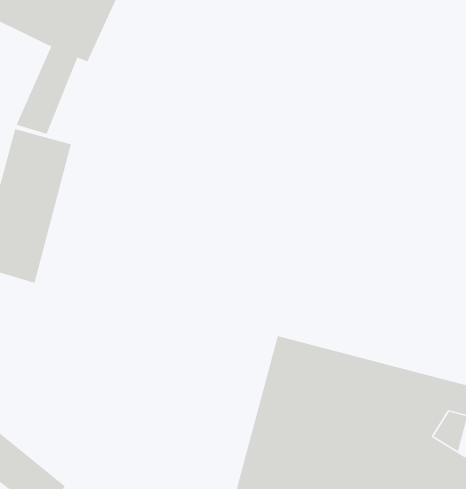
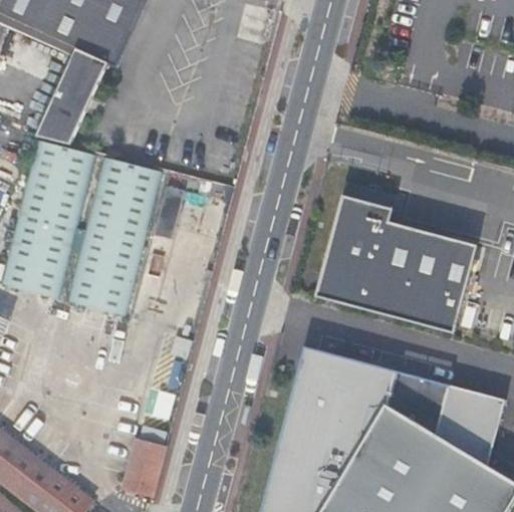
building: none -> [69,158,165,315]
building: none -> [314,183,475,334]
building: none -> [123,440,168,498]

